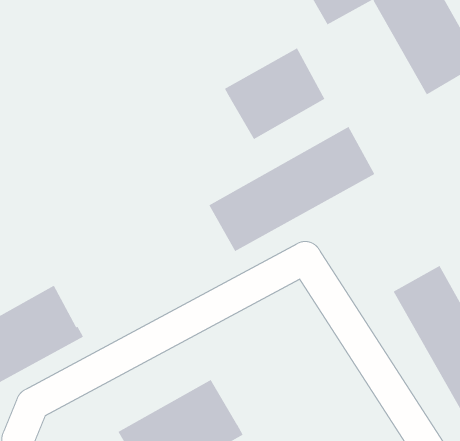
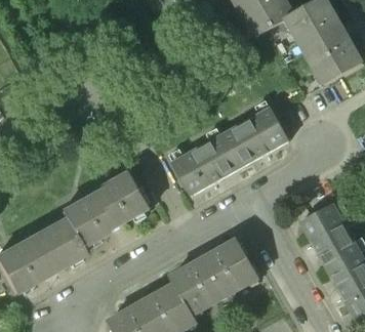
building: [224,48,325,140] -> none
building: none -> [58,173,150,248]
building: none -> [170,242,258,317]

